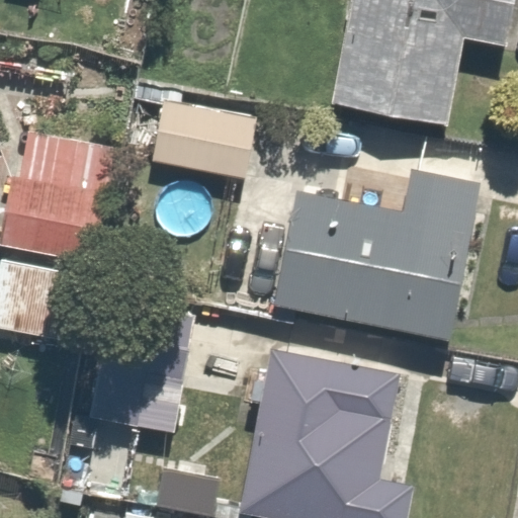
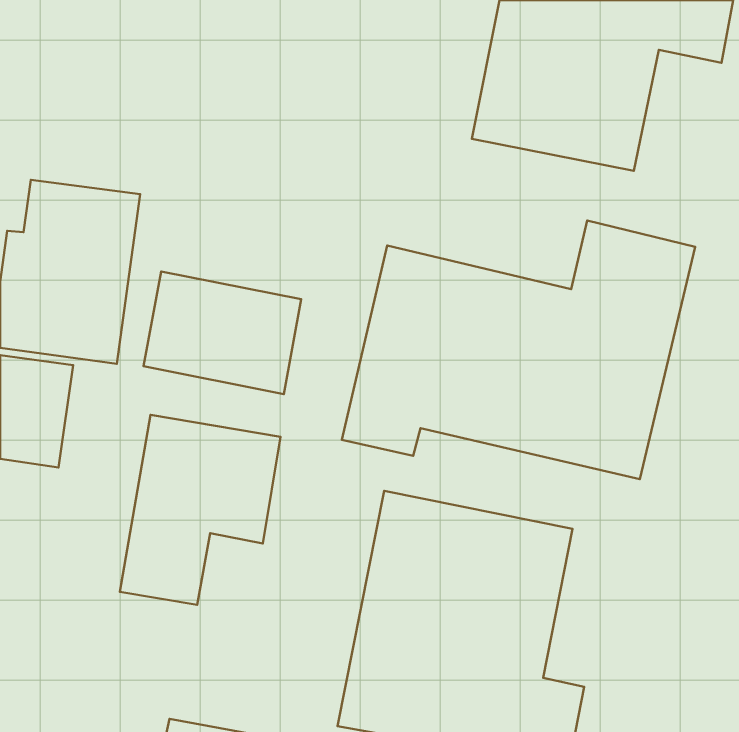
building: [153,95,262,180] -> [144,271,301,394]

